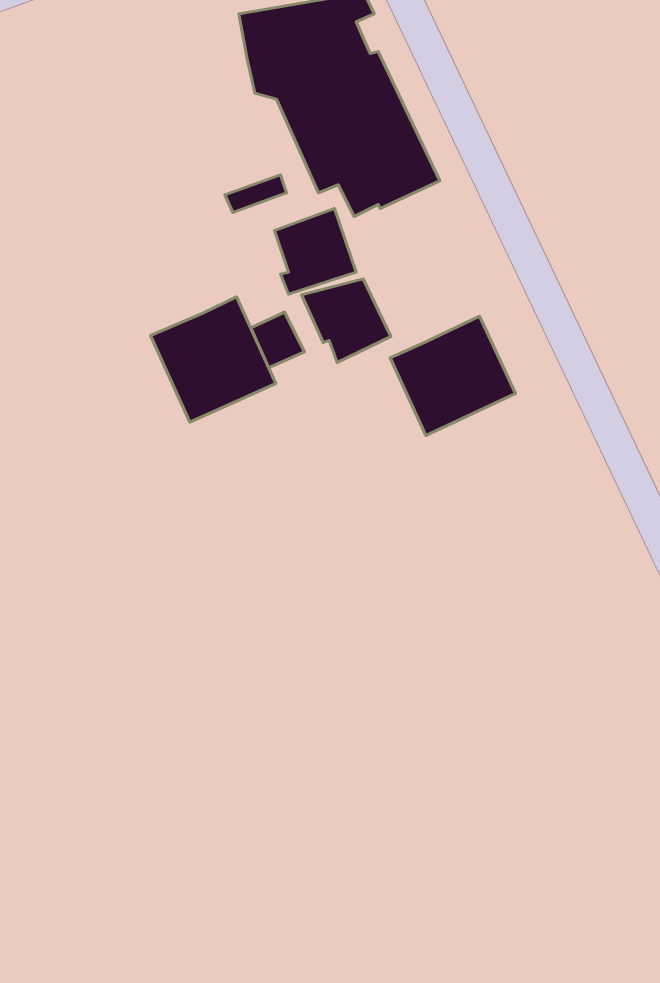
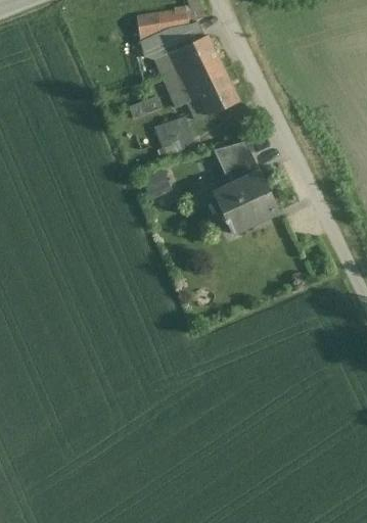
building: [301,279,391,362] -> [214,141,260,184]
building: [151,297,276,422] -> none

